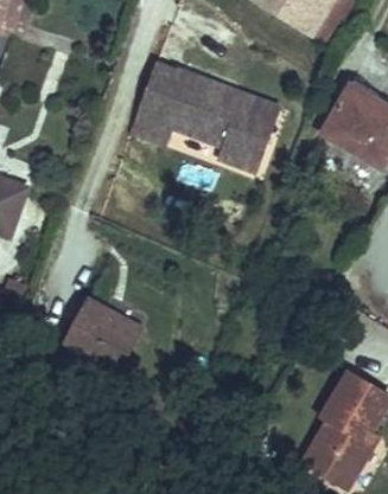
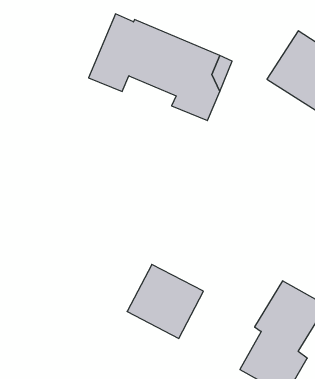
building: [59,297,140,376] -> [127,264,203,338]

